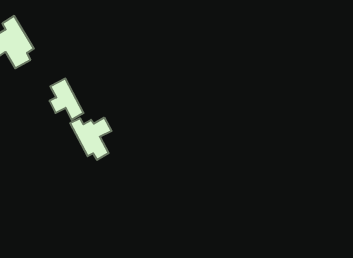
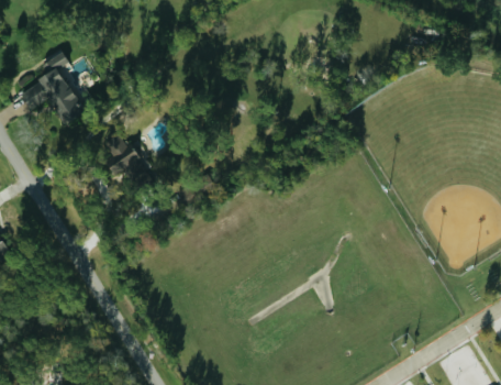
building: [70,118,112,160] -> none

